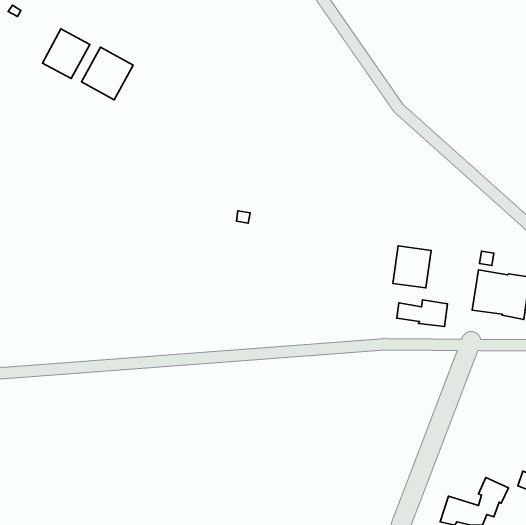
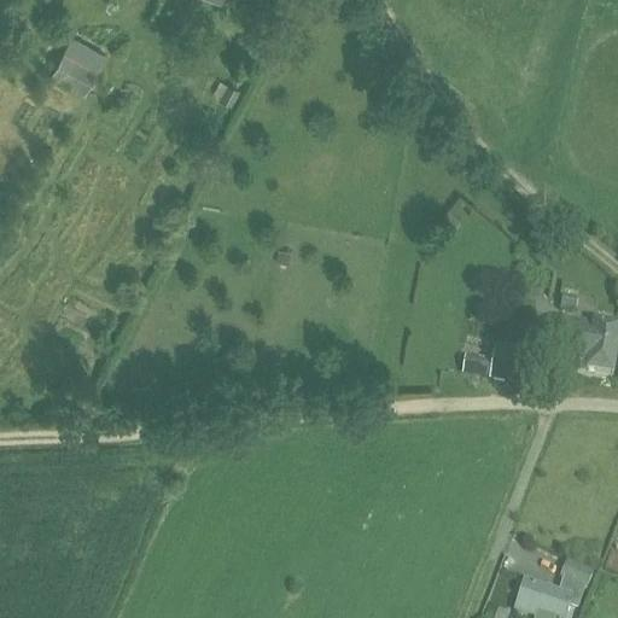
building: [82,47,133,100] -> none
building: [393,246,431,288] -> none

